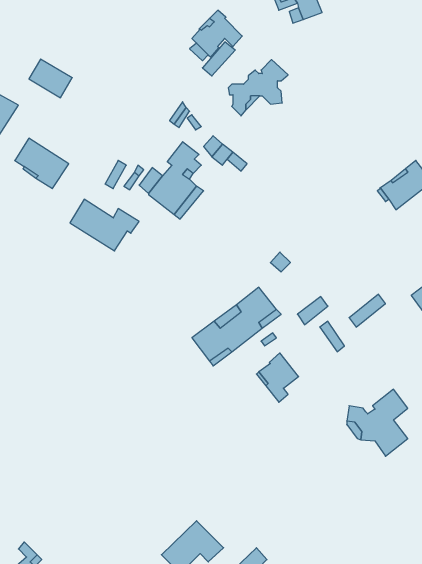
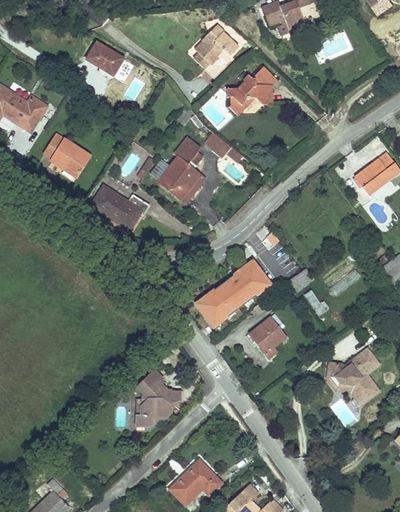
building: [29,59,72,98] -> [86,41,123,74]
building: none -> [136,369,180,428]

